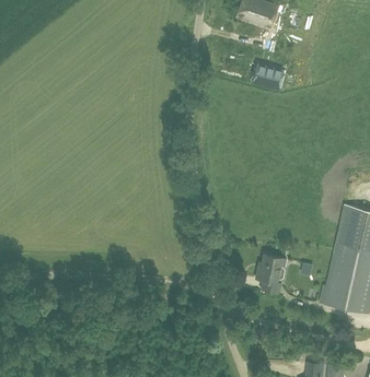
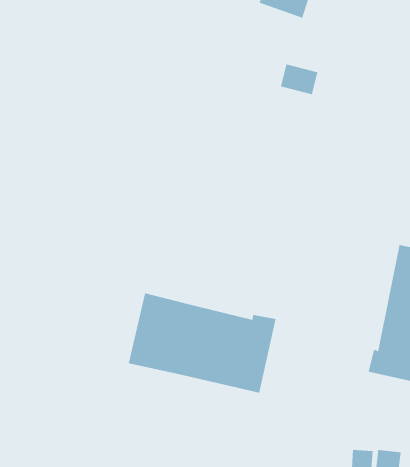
building: none -> [128,293,276,394]
building: [256,254,282,293] -> none

